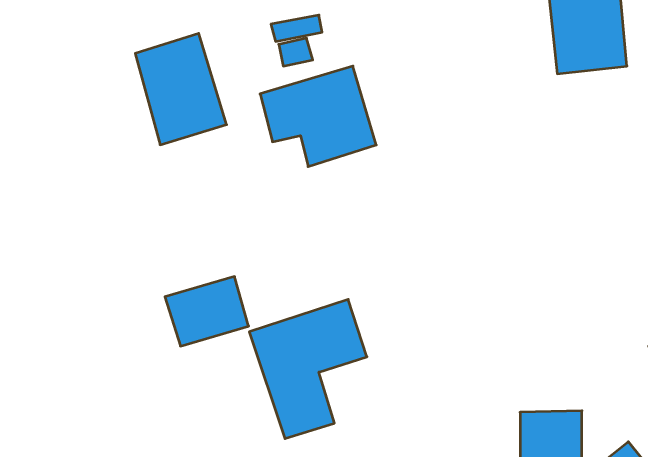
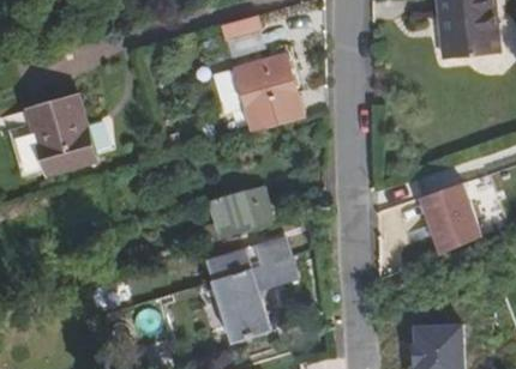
building: [135,33,227,145] -> [28,92,98,179]
building: none -> [422,182,481,249]
building: [165,277,249,346] -> [209,187,274,241]

